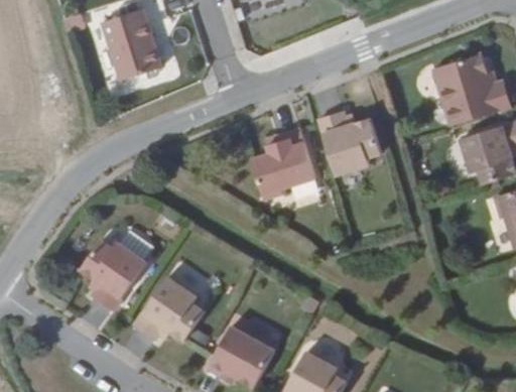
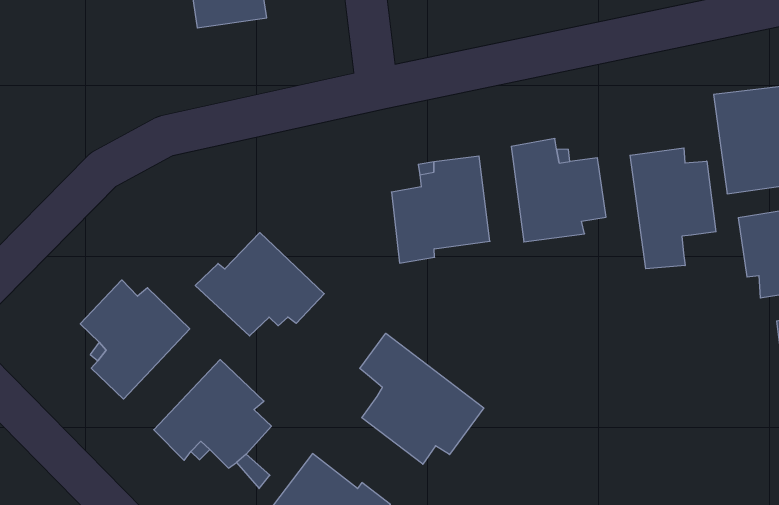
building: none -> [630,148,716,269]
building: none -> [195,233,324,336]
building: none -> [360,333,484,464]

